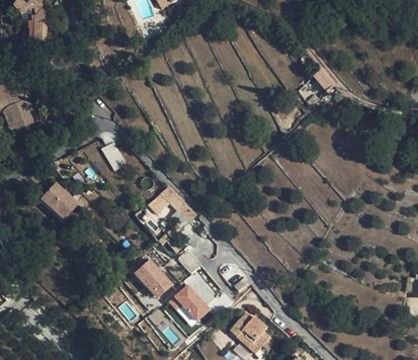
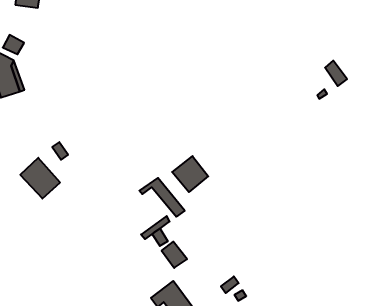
building: [100,141,124,170] -> none
building: none -> [172,156,208,192]
building: [134,260,173,299] -> none

